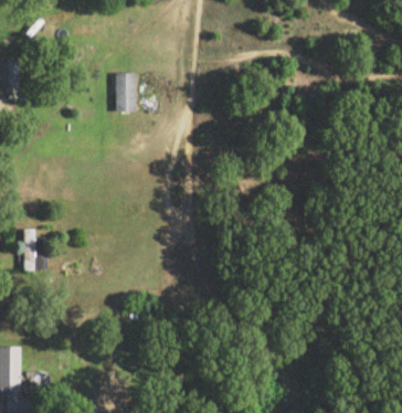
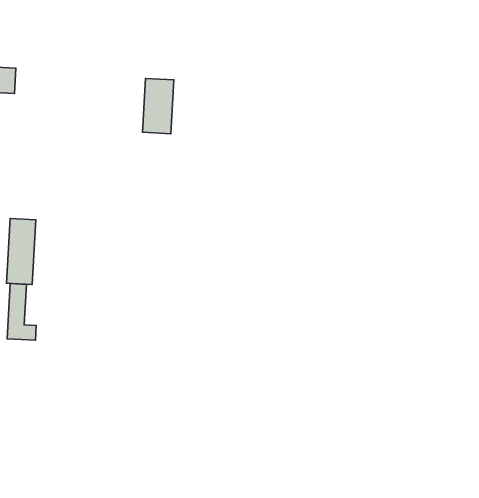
building: none -> [7,218,36,285]

